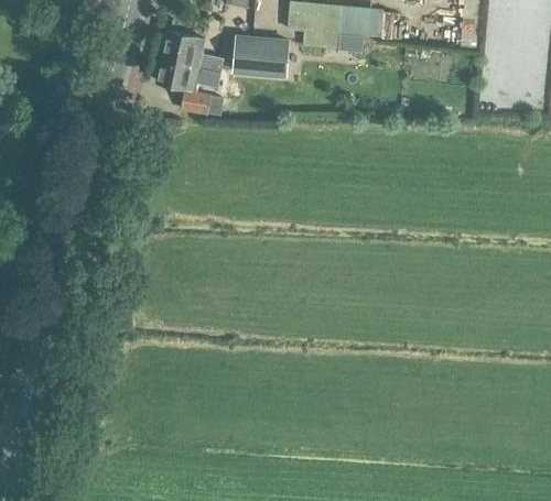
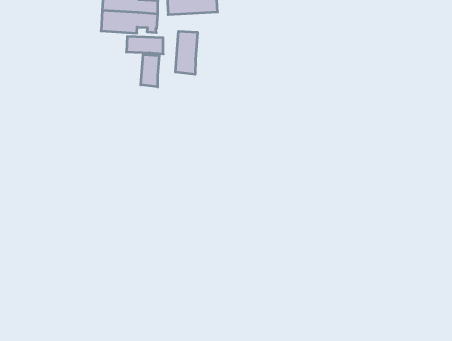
building: none -> [175,31,197,74]
building: none -> [141,55,159,87]

